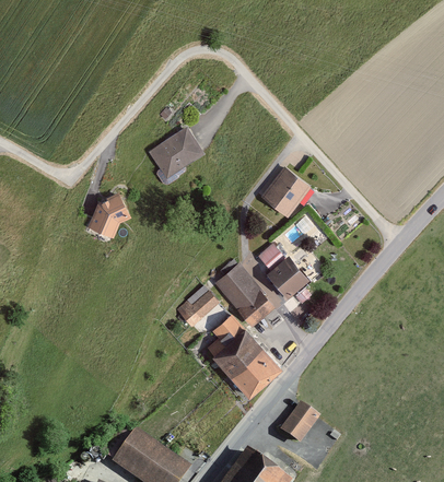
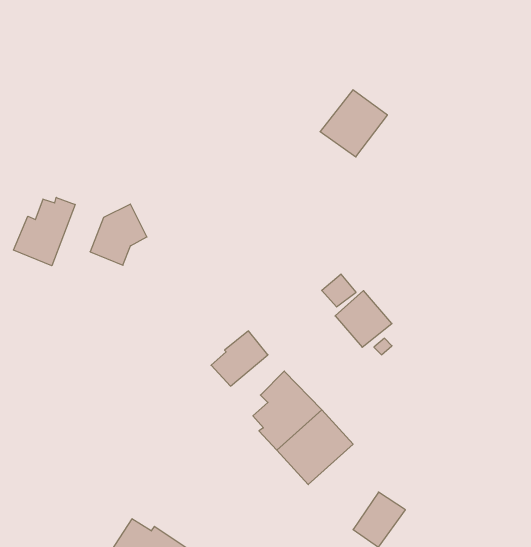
building: [150,127,205,185] -> none
building: [261,167,311,216] -> [320,90,387,157]
building: none -> [14,197,75,266]
building: [217,260,274,326] -> none

